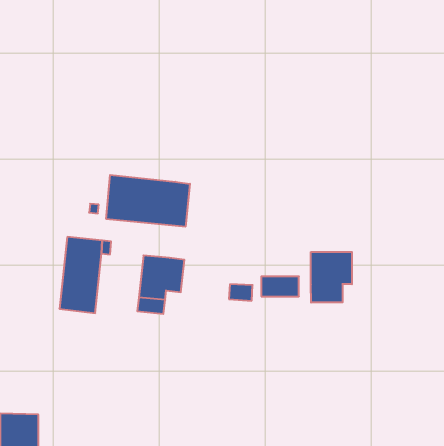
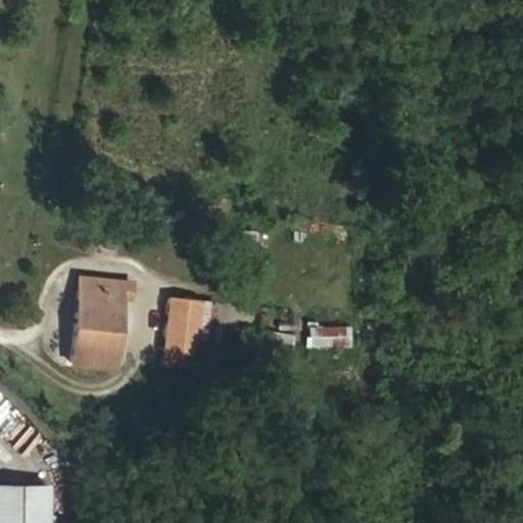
building: [106,175,190,227] -> none
building: [311,252,352,303] -> none

